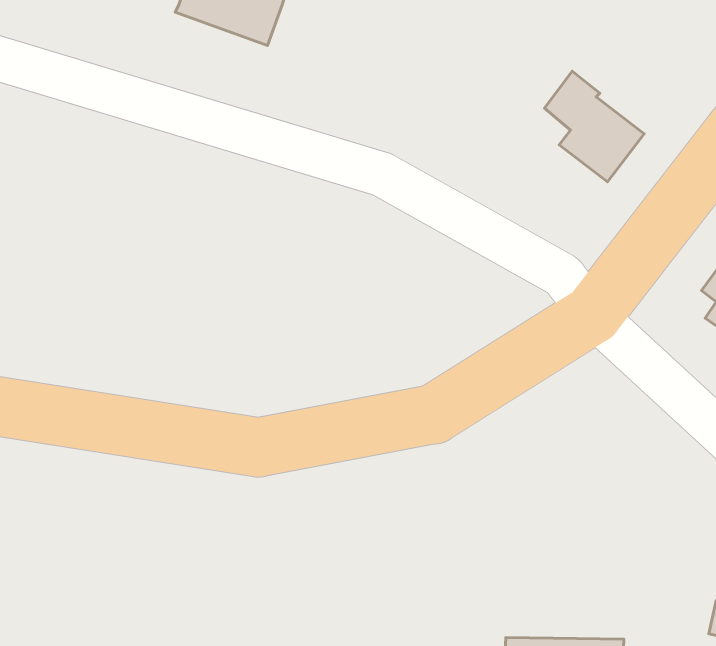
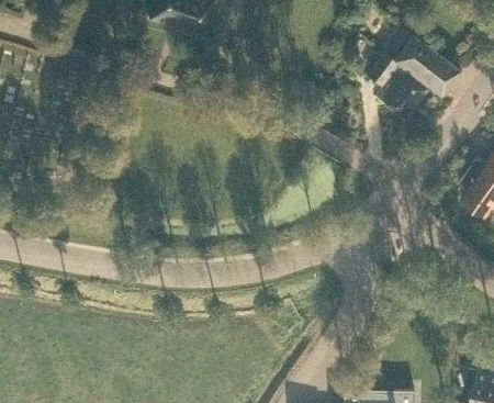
building: none -> [397,36,461,96]

